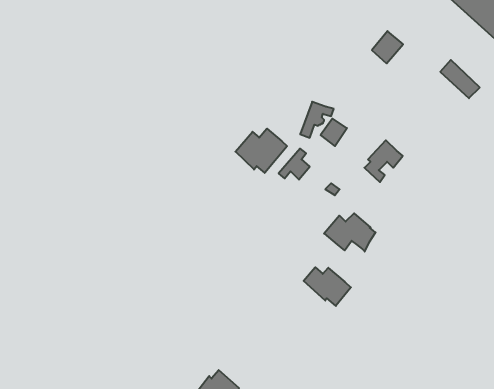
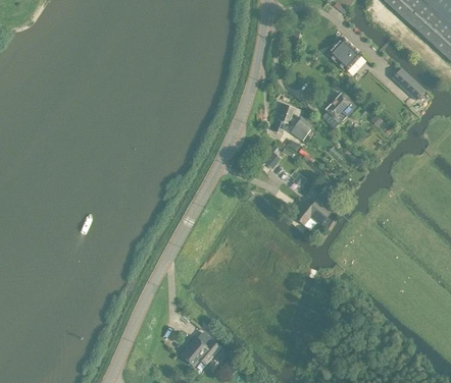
building: [235,129,287,173] -> none
building: [364,140,403,182] -> [321,92,354,127]
building: [304,267,351,306] -> none

